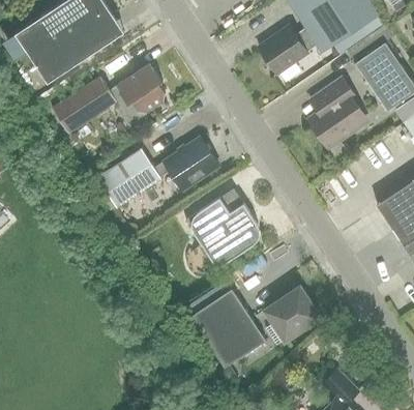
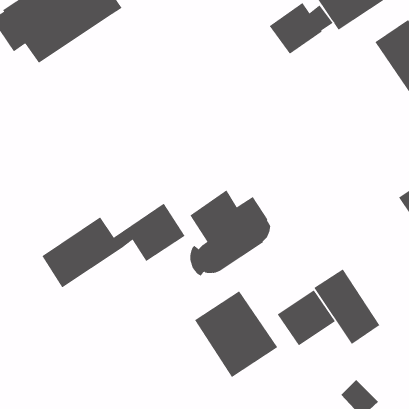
building: [51,66,165,134] -> none
building: [308,79,371,148] -> none
building: [87,137,218,214] -> [41,203,186,288]
building: none -> [313,268,380,345]

